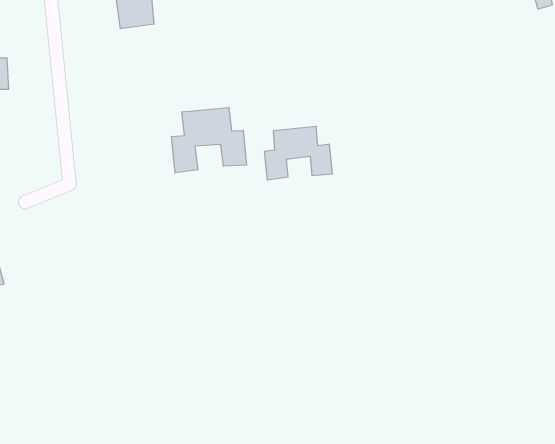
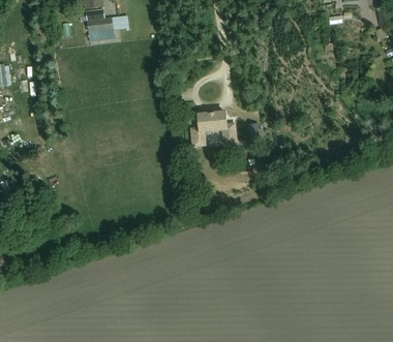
building: [172,107,246,173] -> none

